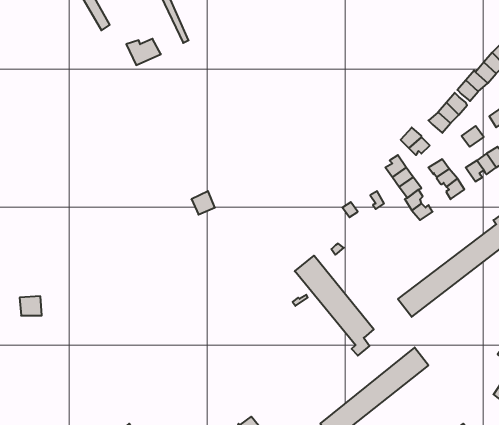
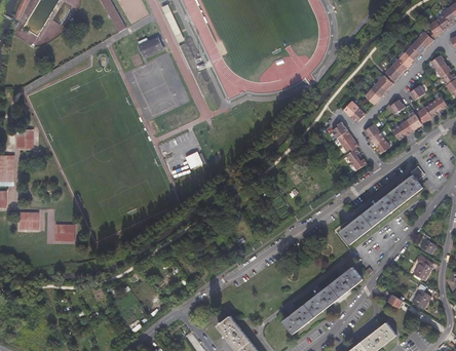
building: [295,256,374,356] -> none

